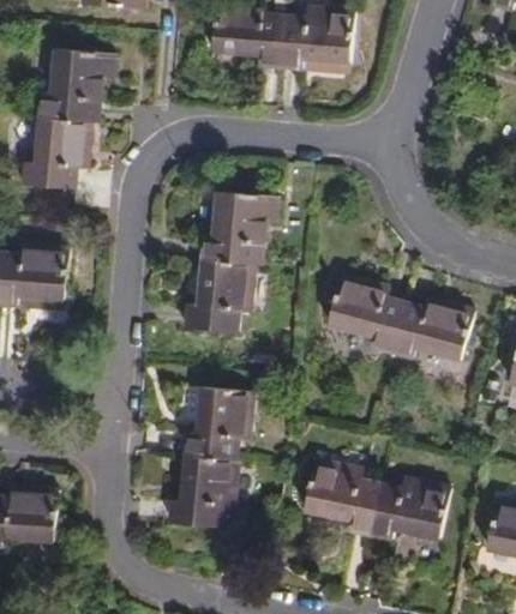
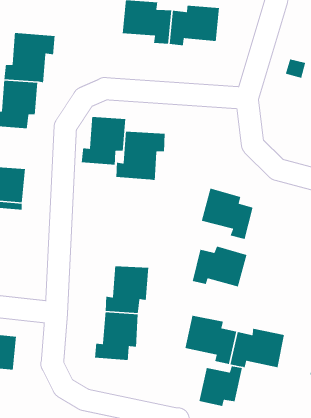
building: [186,261,252,333] -> [81,116,126,165]
building: [391,300,473,361] -> [192,245,248,287]
building: none -> [198,366,243,407]

